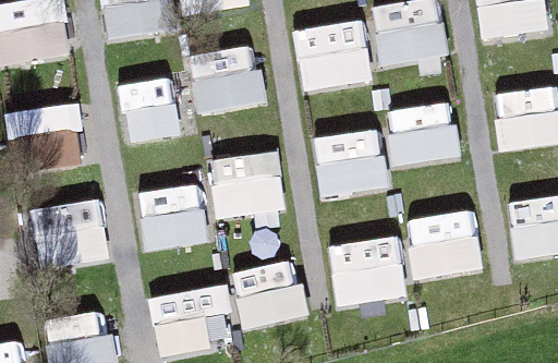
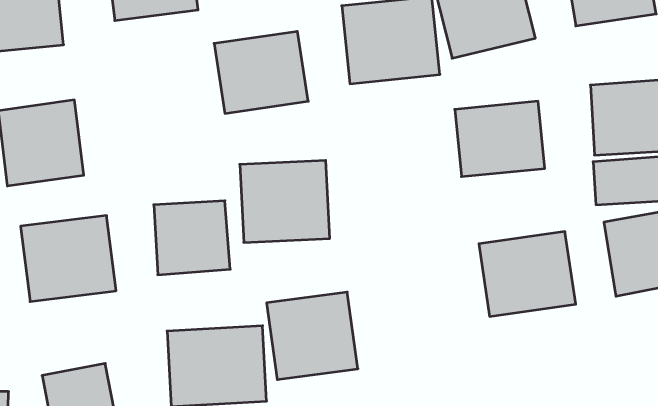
building: [121,74,187,136] -> none
building: [317,131,386,198] -> none
building: [328,235,404,306] -> none

